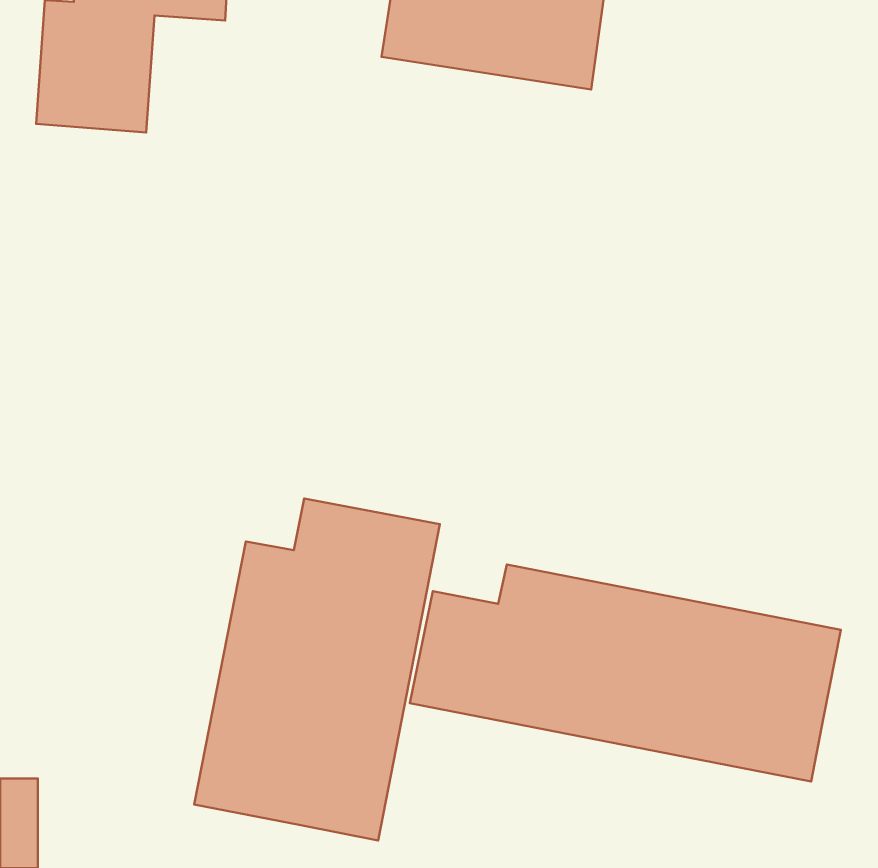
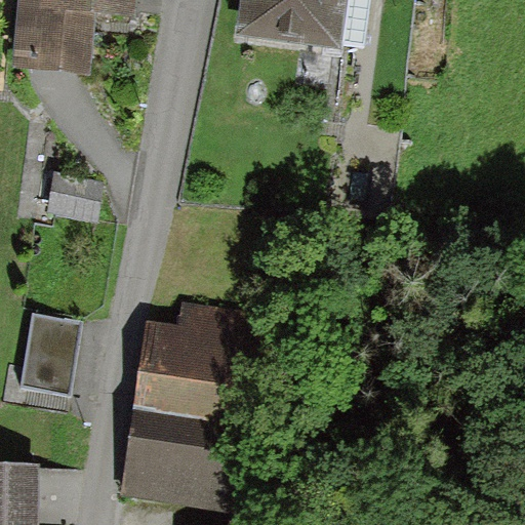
building: none -> [15,312,84,399]
building: [410,564,841,782] -> none

